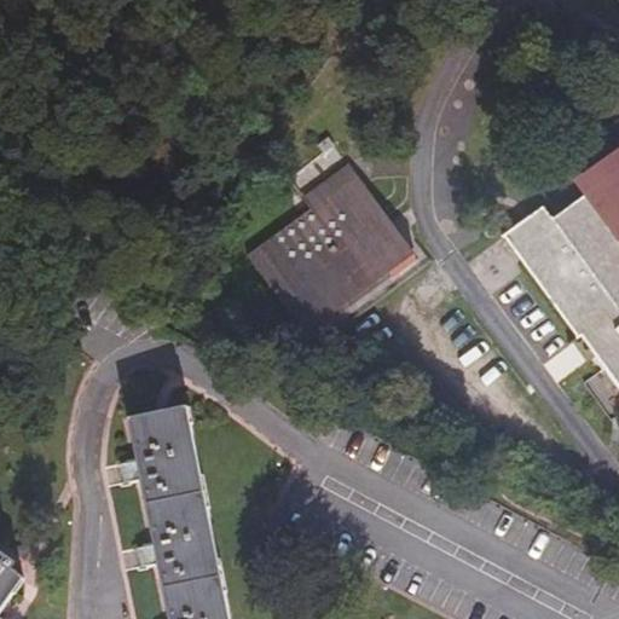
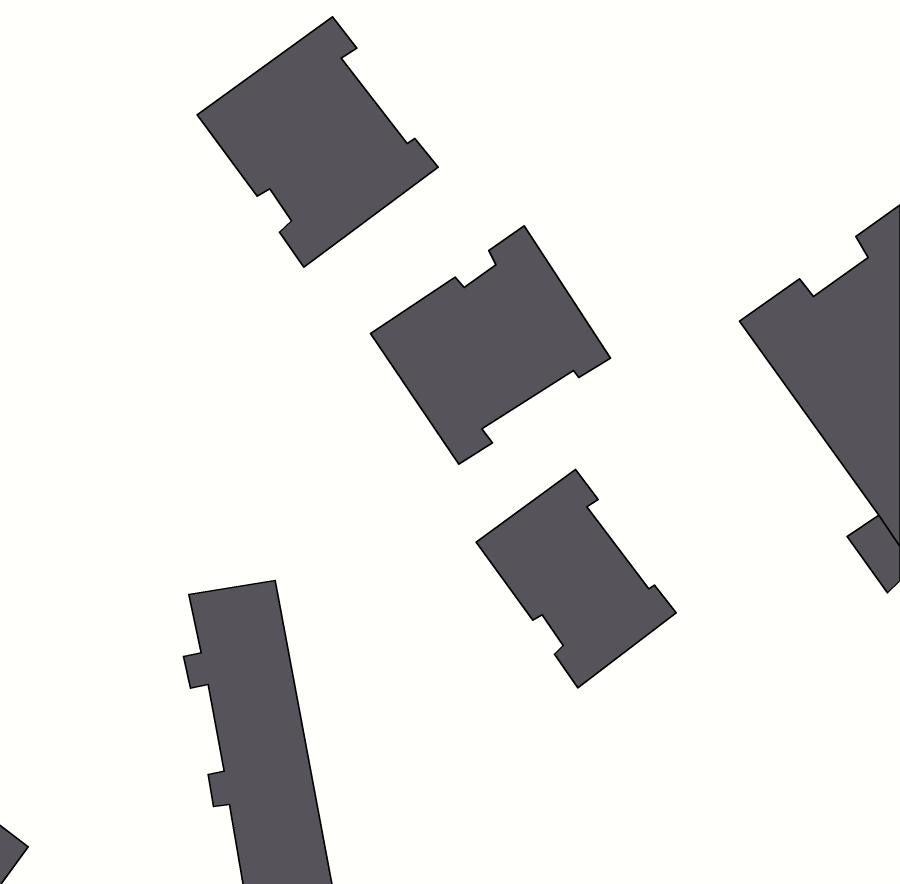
building: none -> [197,17,438,267]
building: none -> [476,469,676,688]

